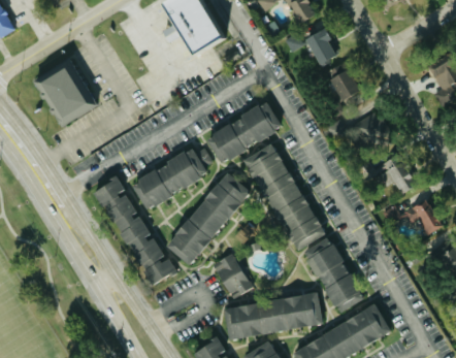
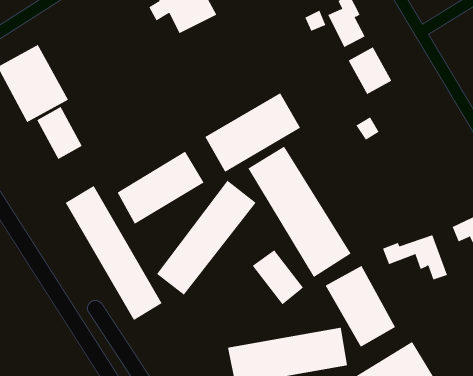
building: none -> [36,106,83,160]
building: [361,117,390,147] -> none
building: [360,155,414,192] -> [382,234,448,280]
building: [213,254,255,299] -> [252,249,304,305]

